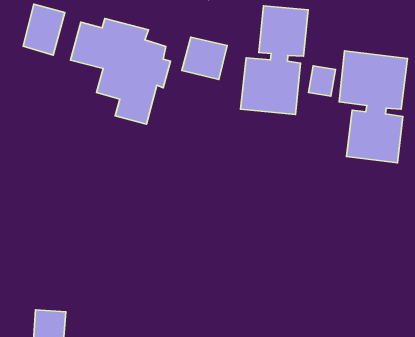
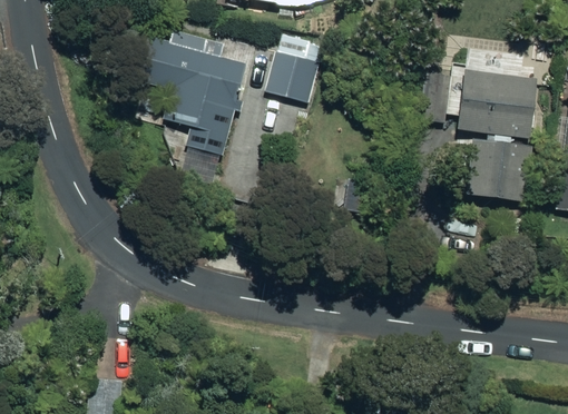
building: [23,4,65,55] -> none
building: [241,6,308,114] -> none

